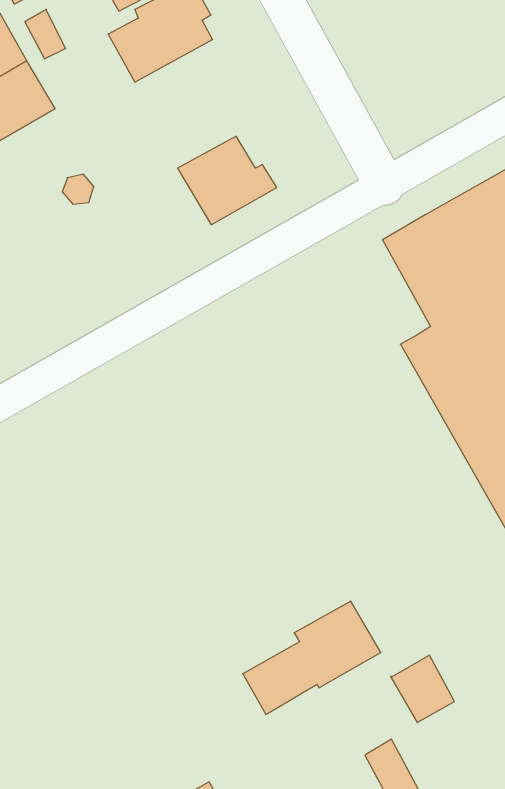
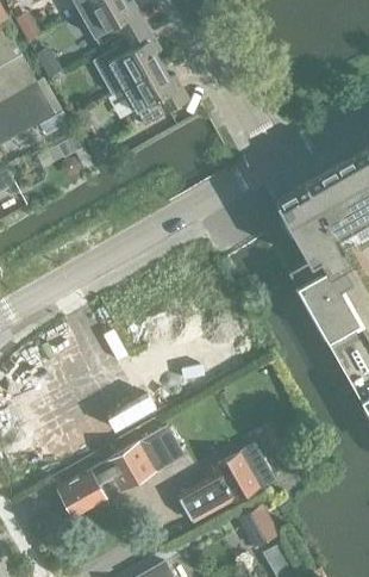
building: [178,136,277,225] -> [121,67,188,126]
building: none -> [57,429,181,516]
building: [391,655,454,723] -> [236,503,279,548]

